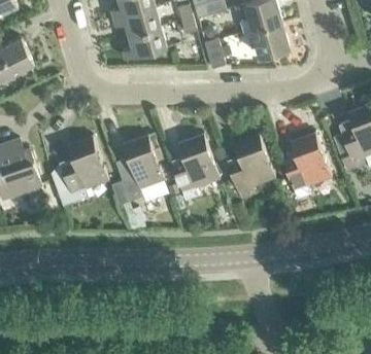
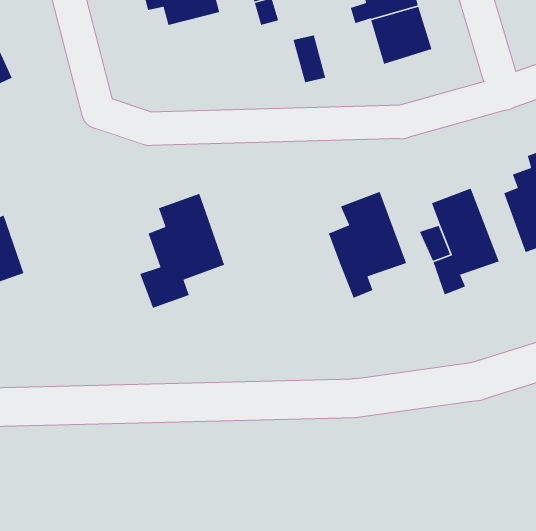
building: [123,26,166,59] -> none
building: [170,135,220,201] -> none
building: [50,136,108,207] -> none

